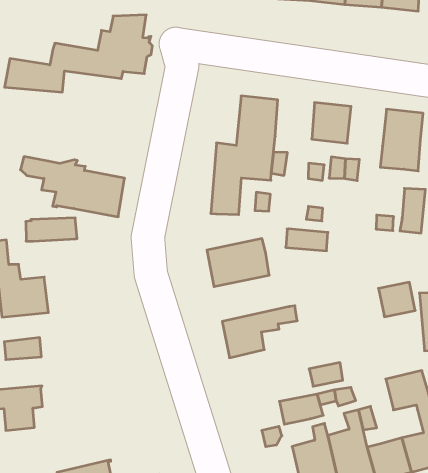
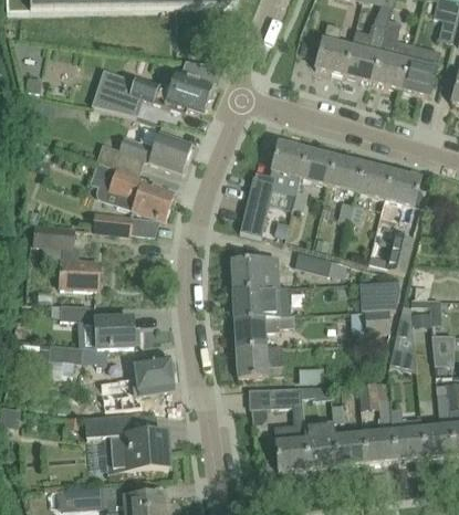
building: none -> [300,148,335,183]
building: none -> [356,162,392,198]
building: none -> [97,130,191,172]
building: none -> [359,278,403,309]
building: none -> [232,285,290,317]
building: none -> [95,316,140,347]
building: none -> [236,345,283,377]
building: none -> [100,355,174,398]

